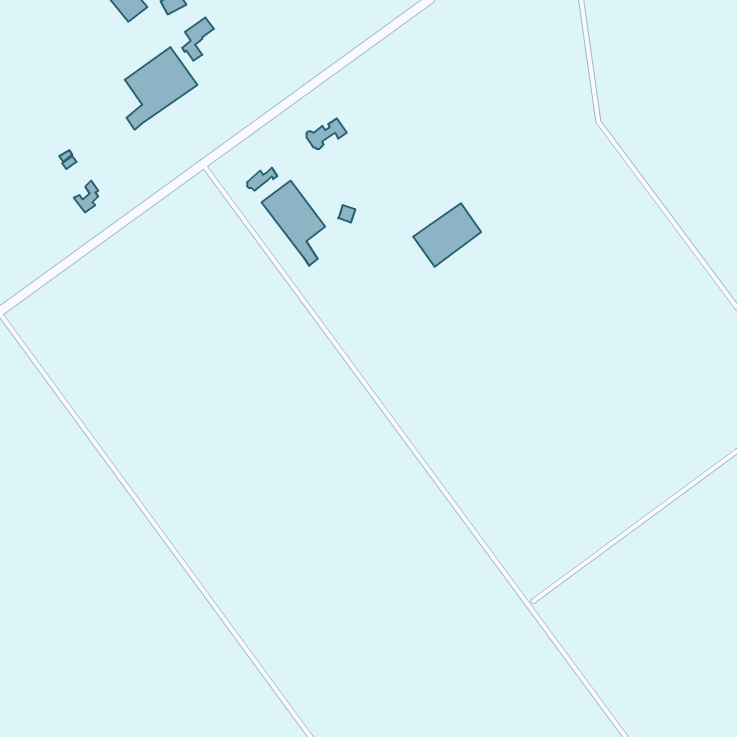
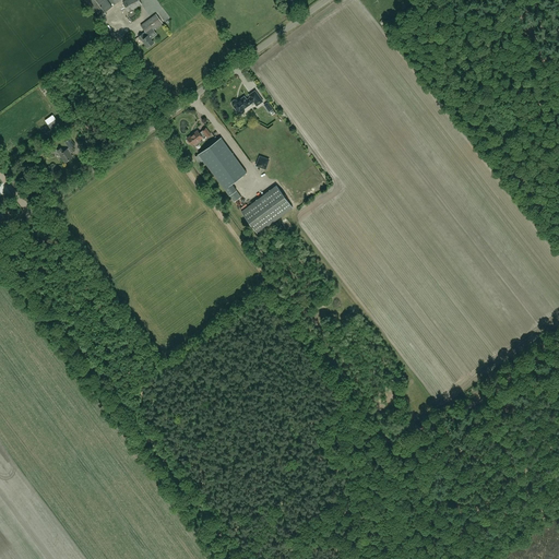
building: [125,47,197,130] -> none
building: [413,203,481,267] -> [240,185,292,233]

